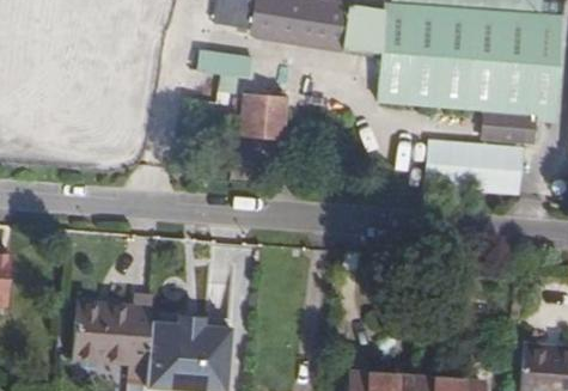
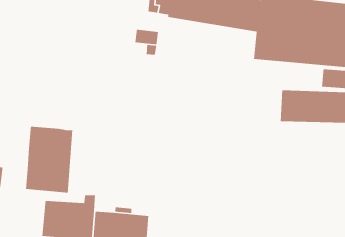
building: [236,94,289,139] -> none
building: none -> [25,126,73,194]

